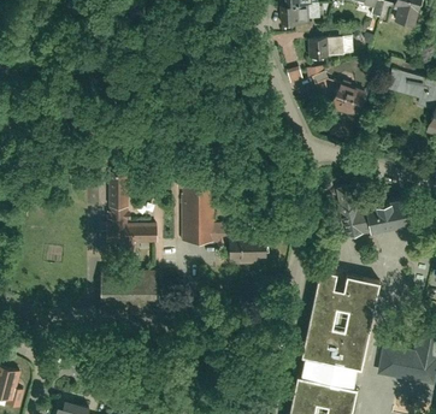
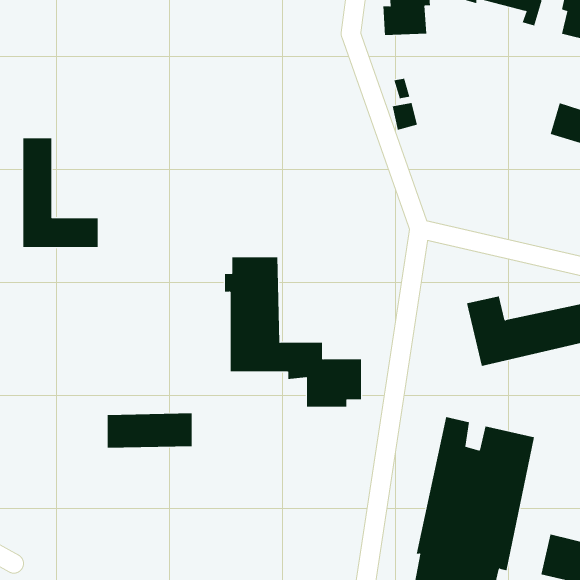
building: [310,37,343,58] -> none
building: [331,82,367,117] -> none
building: [108,171,158,242] -> [22,138,99,247]

